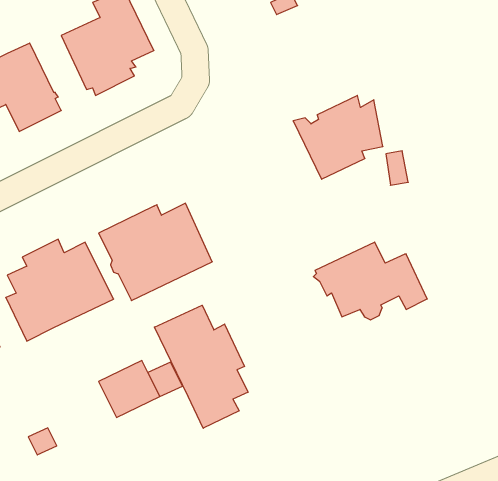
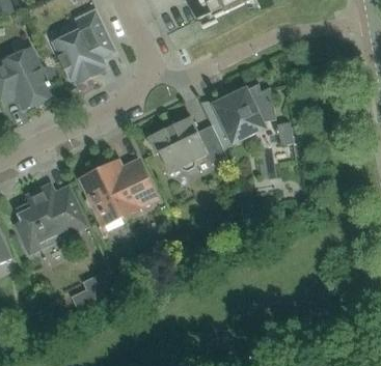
building: [313,242,427,320] -> [146,116,225,170]
building: [154,305,248,428] -> none

